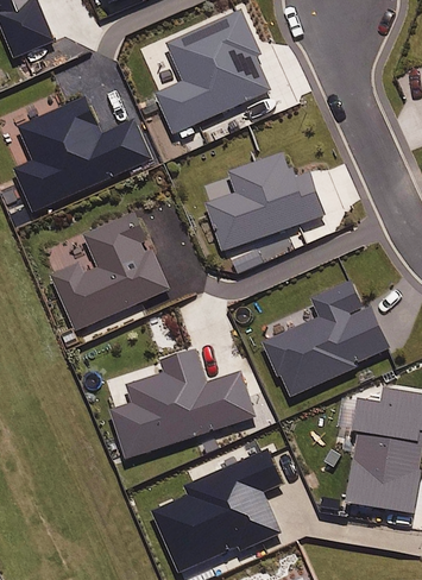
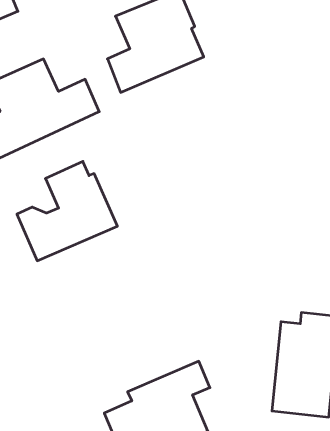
building: [206,152,325,251] -> none
building: [264,280,390,398] -> none
building: [111,351,254,459] -> none

